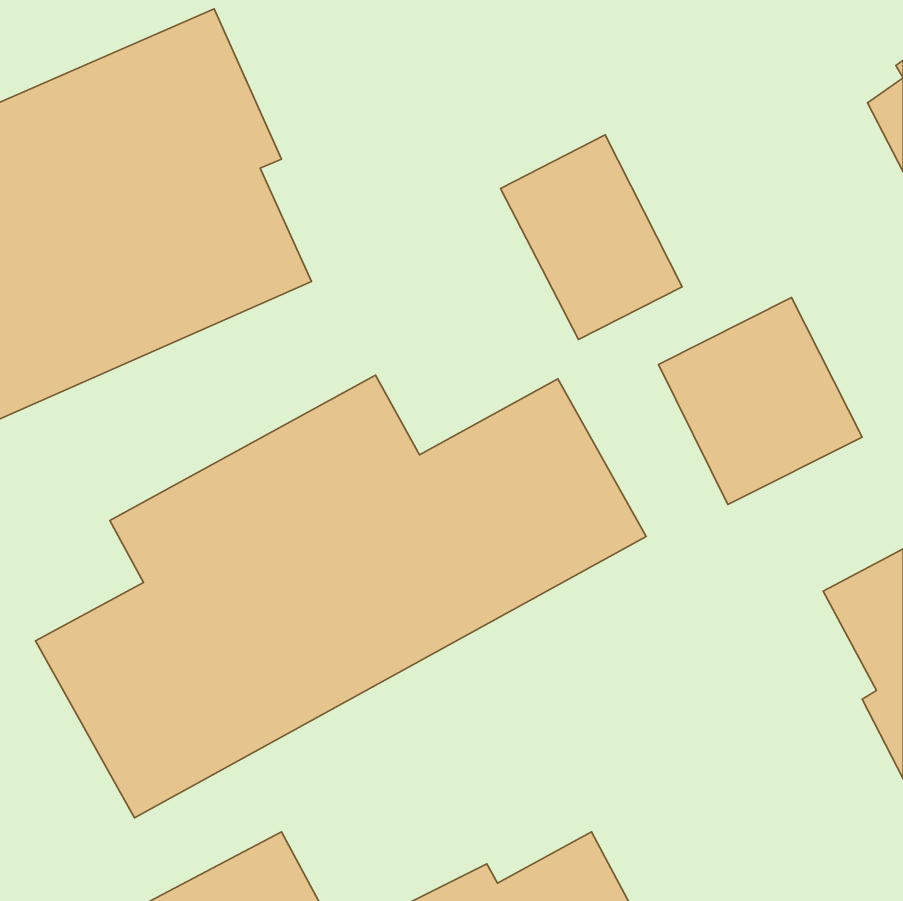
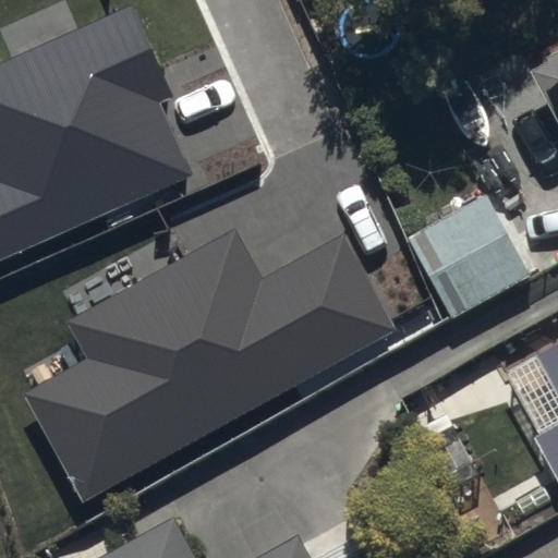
building: [501,135,682,339] -> none

